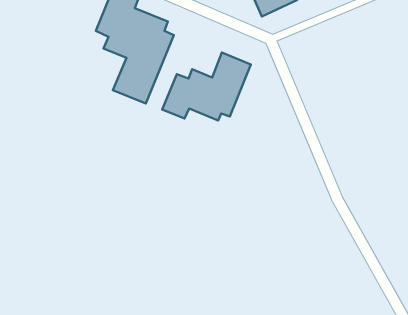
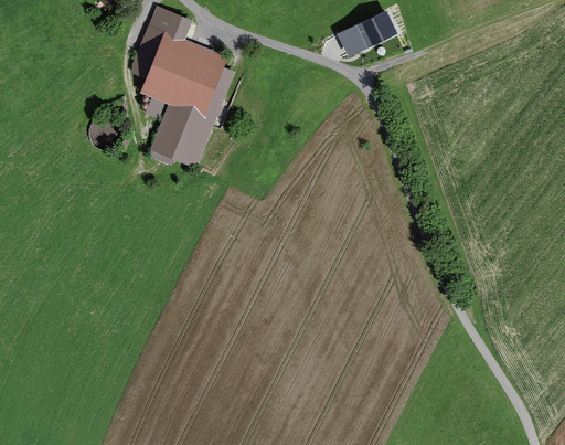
building: [162,53,251,120] -> none

